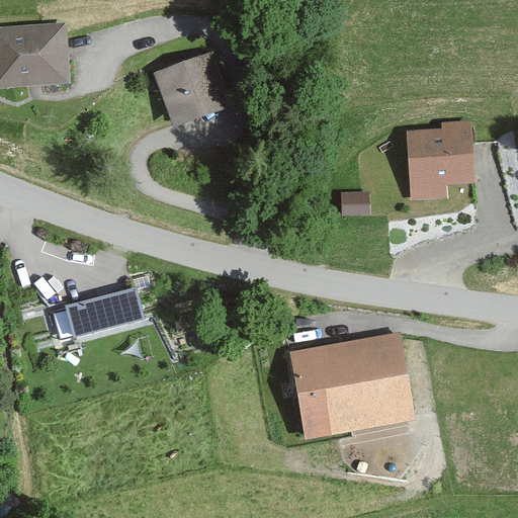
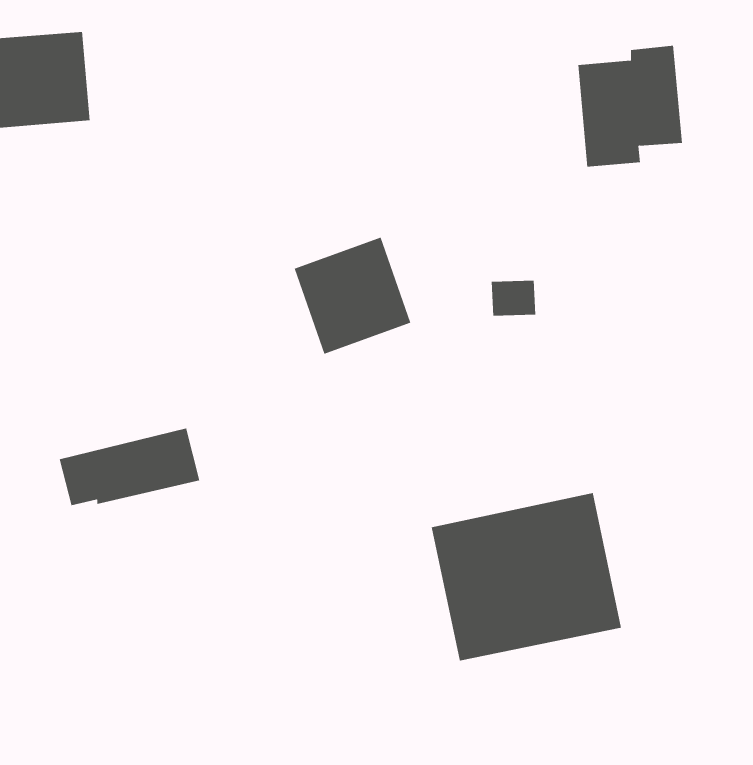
building: [145,54,224,133] -> [294,237,411,354]
building: [407,118,478,200] -> [577,45,683,167]

